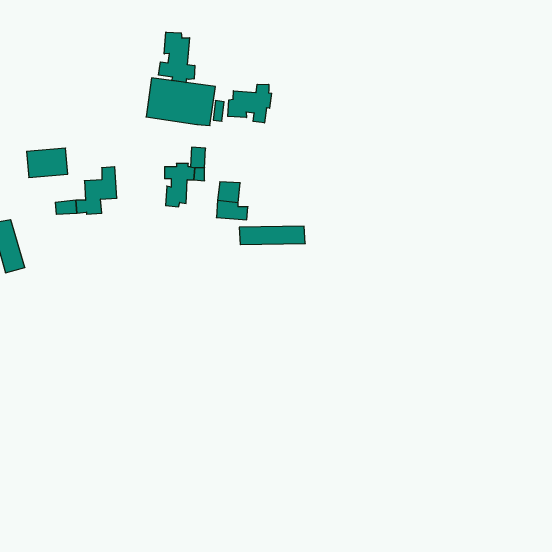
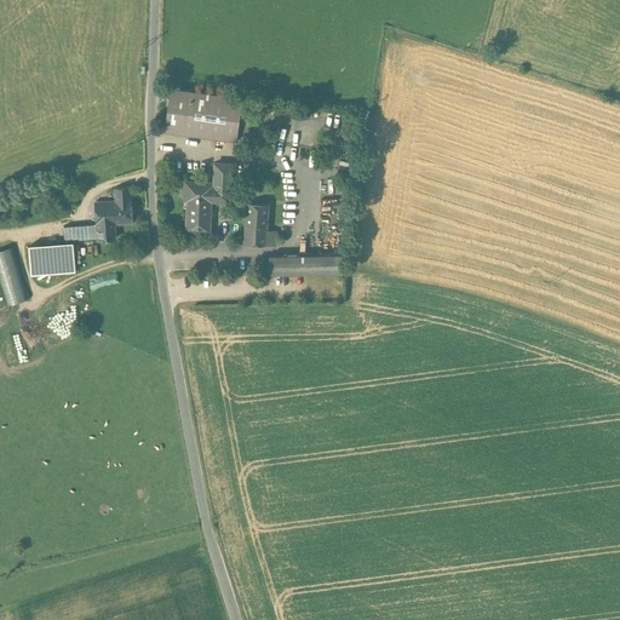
building: [159,32,195,83] -> none
building: [228,84,272,123] -> none
building: [27,148,68,177] -> [28,243,74,276]

